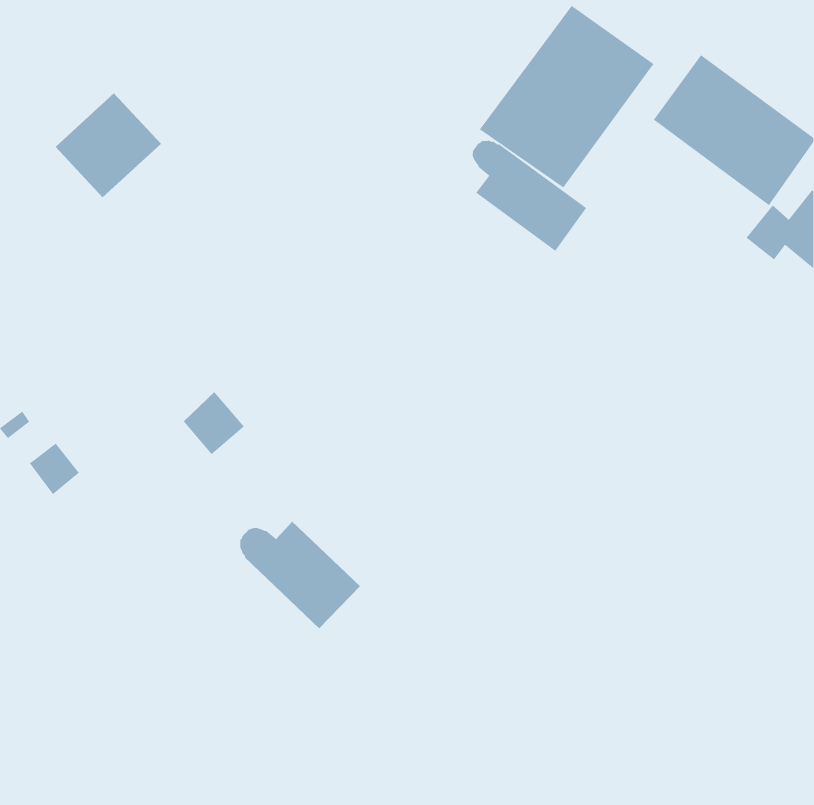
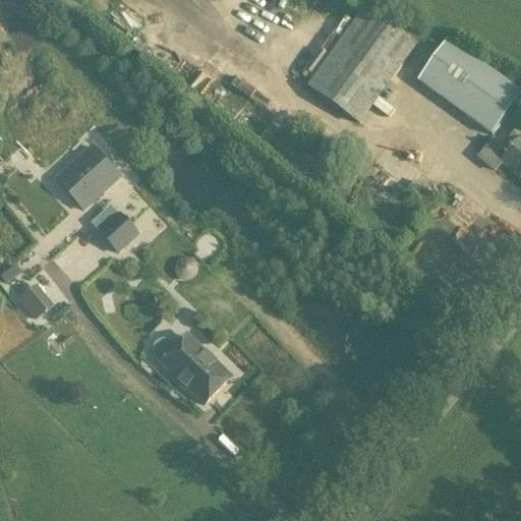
building: [55,93,162,198] -> [53,140,121,208]
building: [472,140,587,252] -> none
building: [183,391,245,455] -> [98,209,137,249]

